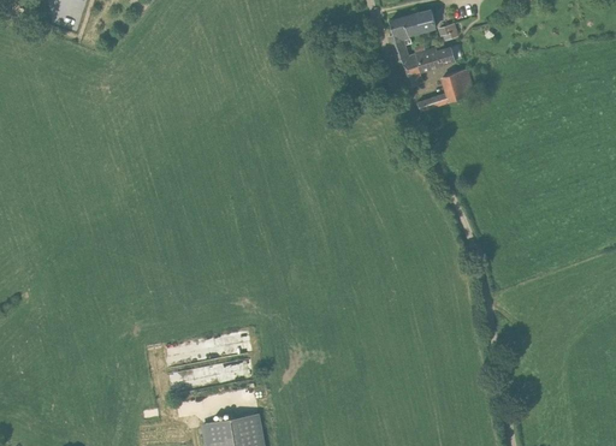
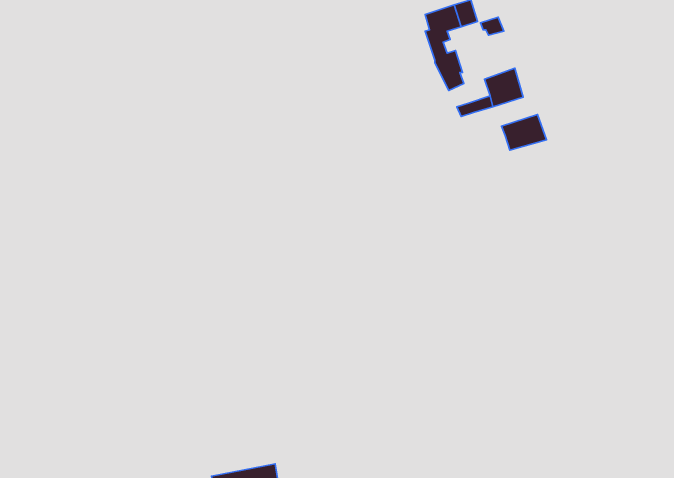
building: [416,47,455,72] -> none
building: none -> [501,115,547,150]

